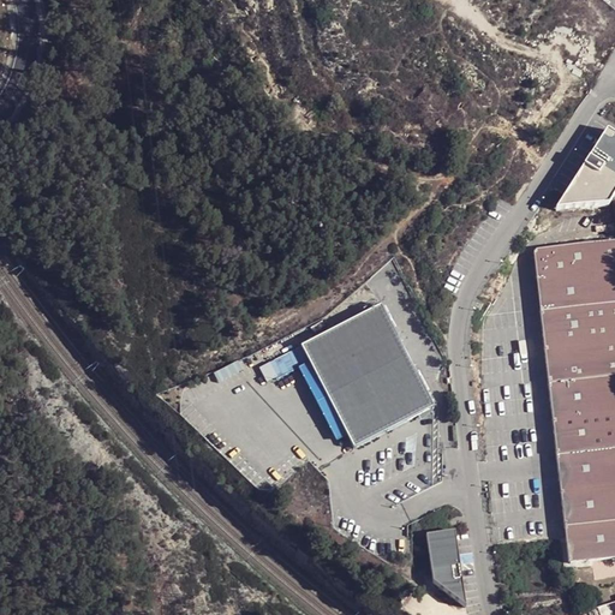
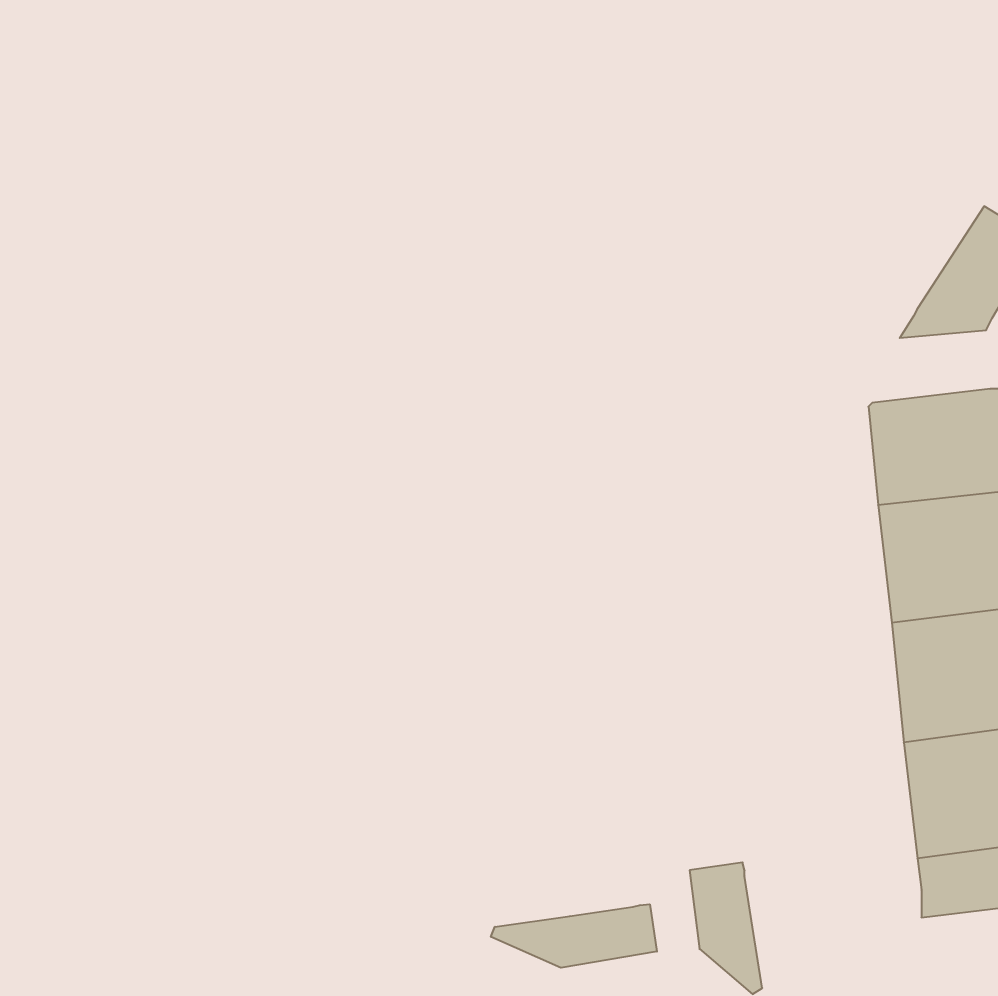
building: [300,301,434,444] -> none
building: none -> [491,904,657,968]

